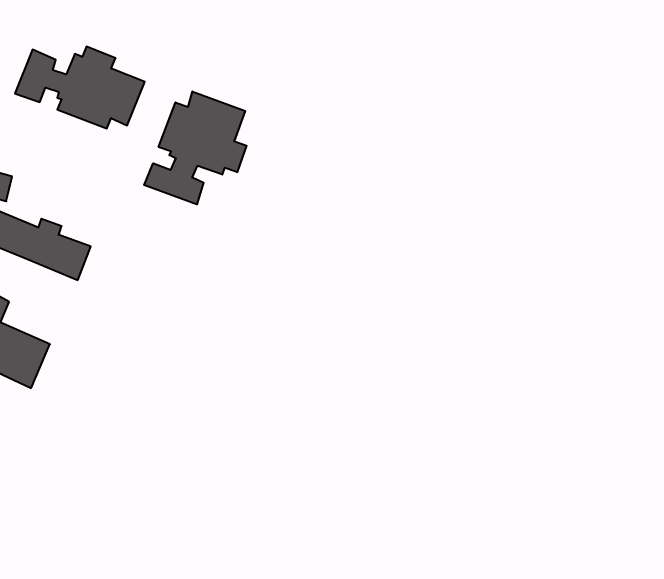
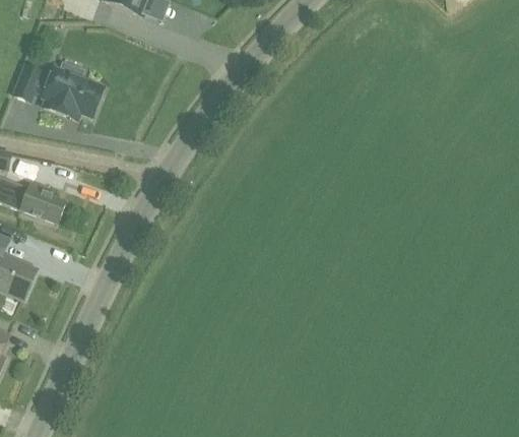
building: [144,91,247,204] -> none

